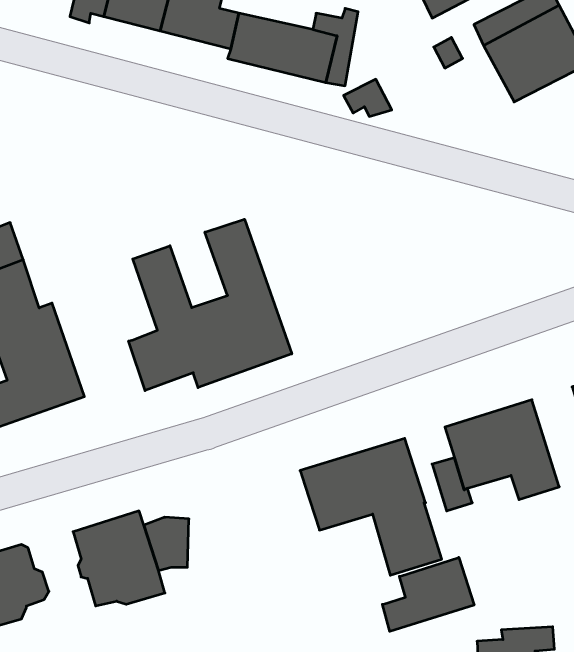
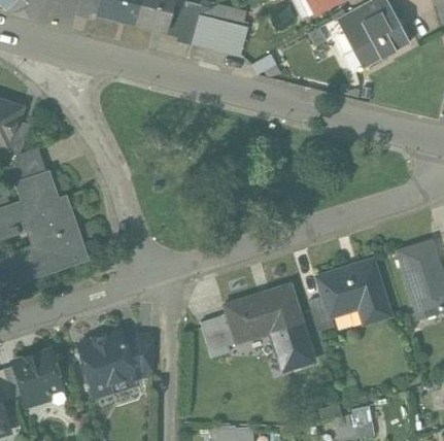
building: [129,219,292,391] -> none
building: none -> [201,313,237,358]
building: [382,557,474,631] -> none

